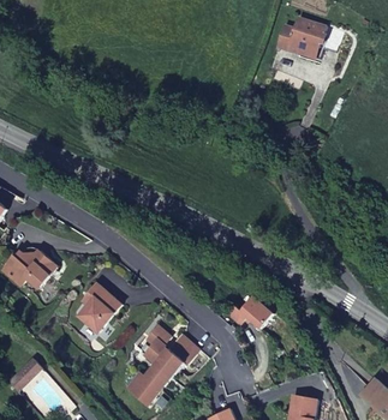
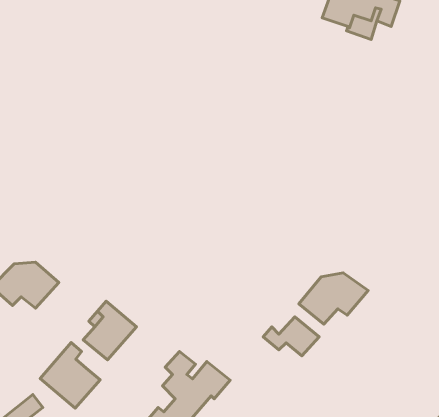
building: none -> [299,273,368,324]
building: none -> [40,342,100,408]

